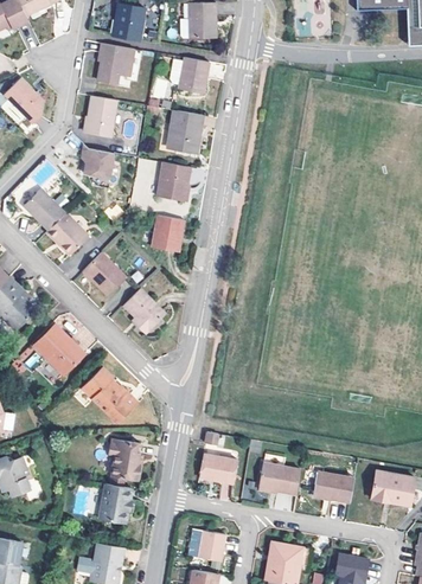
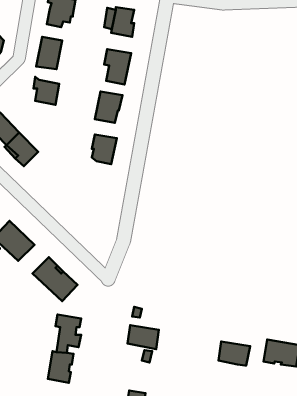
building: [83,252,127,295] -> none
building: [123,289,165,333] -> none
building: [258,461,299,494] -> none

